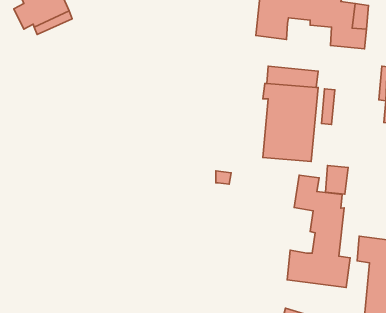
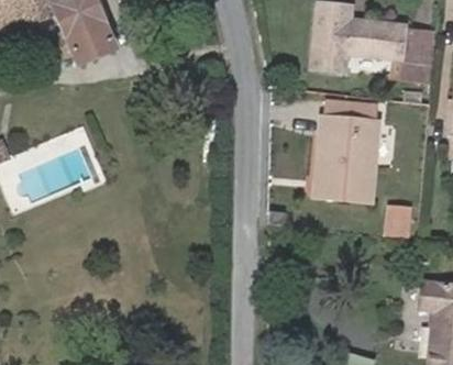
building: [287,175,350,287] -> none

